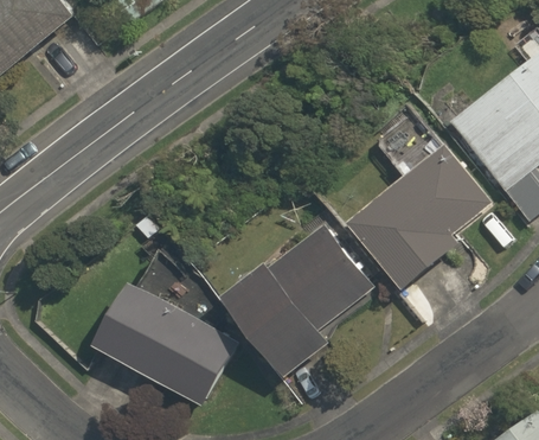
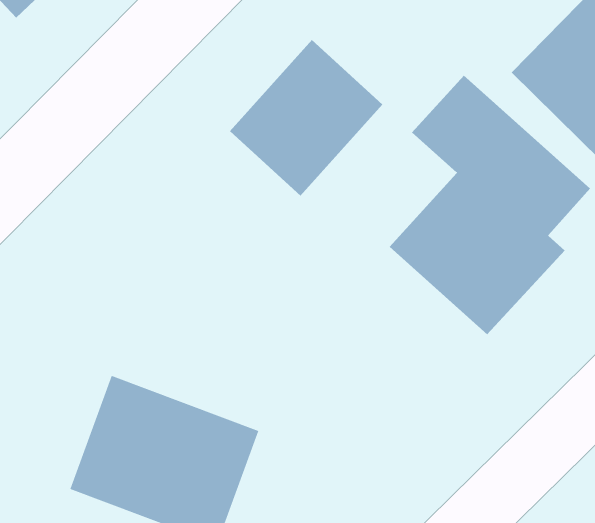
building: none -> [229,39,383,196]
building: [229,225,371,377] -> none

